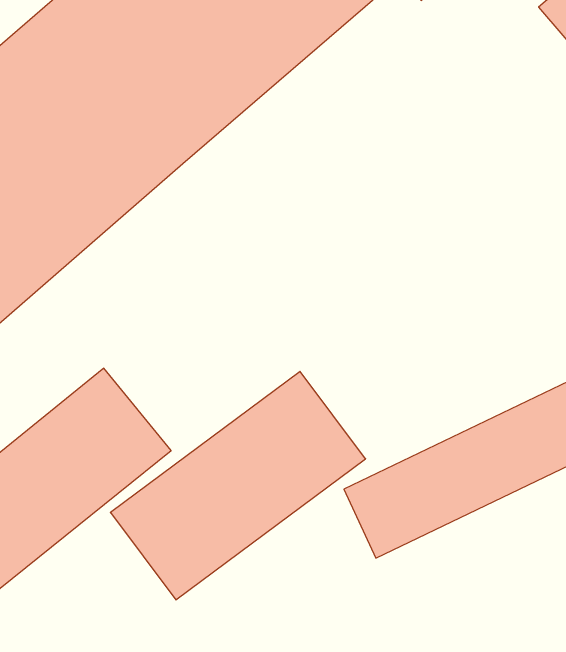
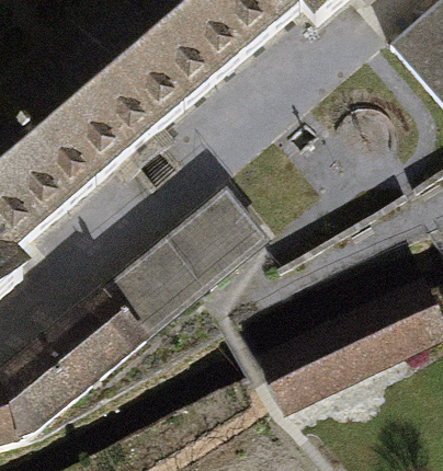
building: [110,371,366,600] -> [113,185,280,334]

